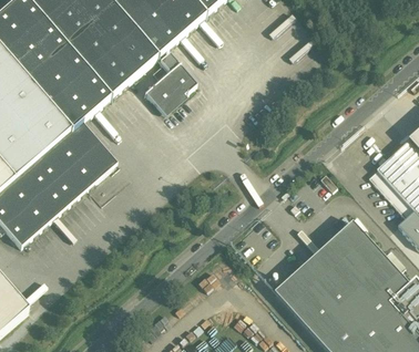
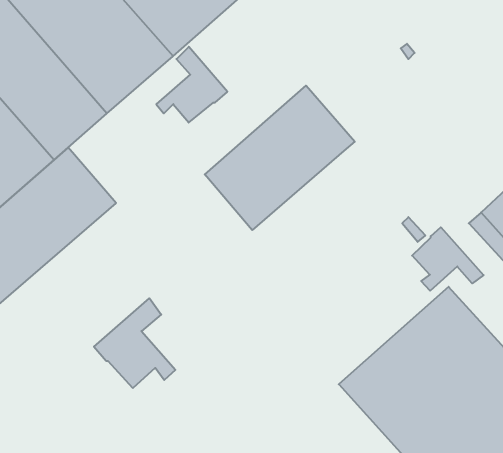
building: none -> [205,86,355,230]
building: none -> [412,227,484,291]
building: none -> [94,298,175,388]

